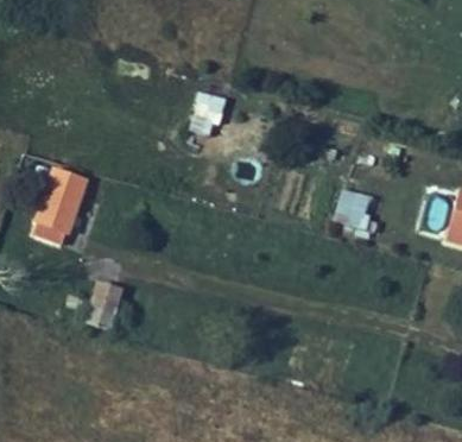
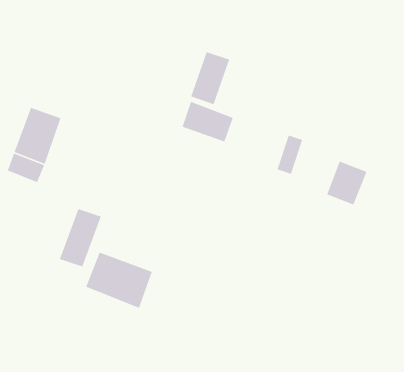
building: none -> [182,101,234,142]
building: none -> [85,252,153,309]

